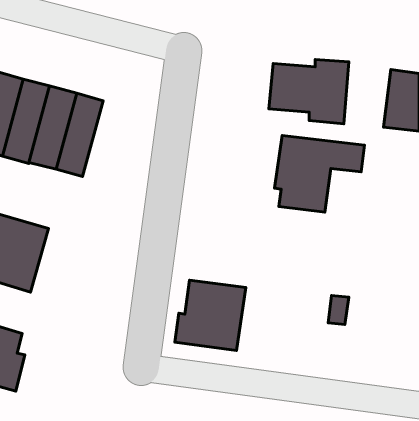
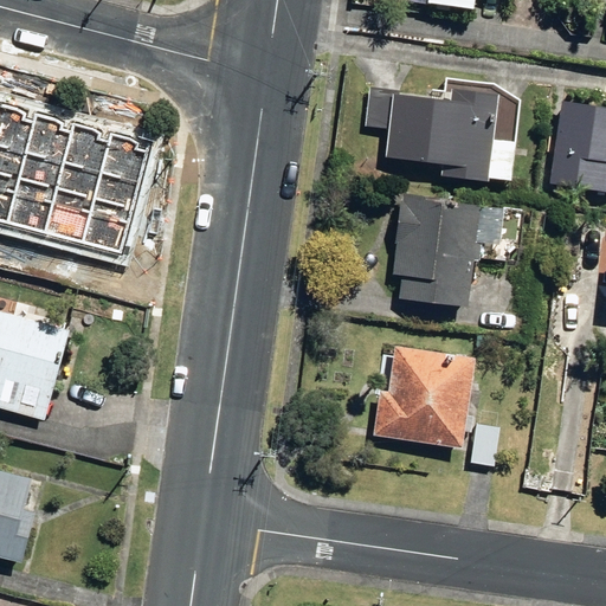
building: [175,280,246,350] -> [374,346,476,446]

